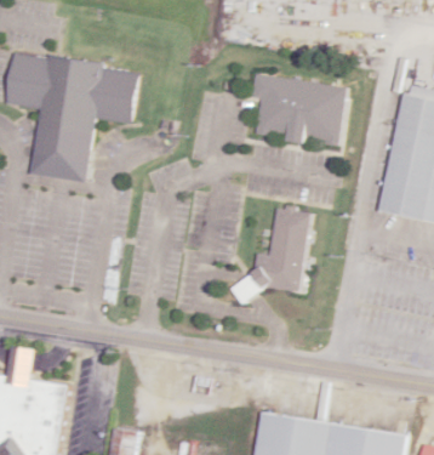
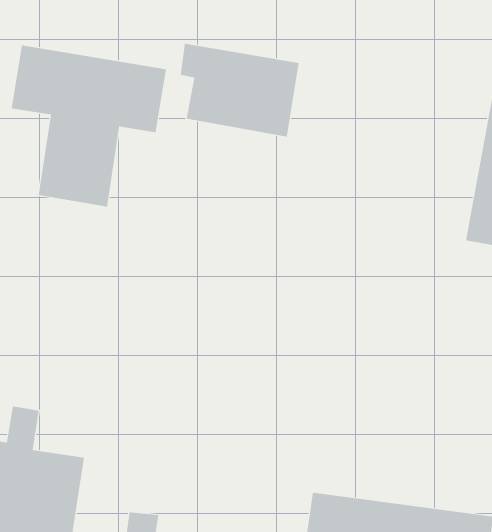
building: [255,73,350,148] -> [180,43,299,137]
building: [238,210,315,303] -> none

